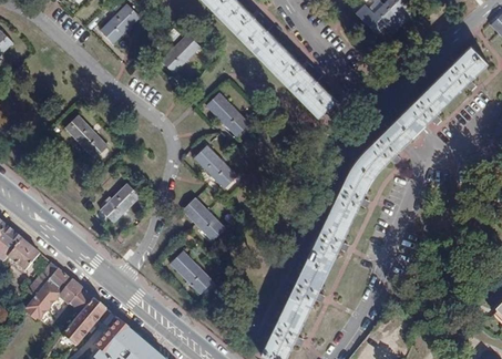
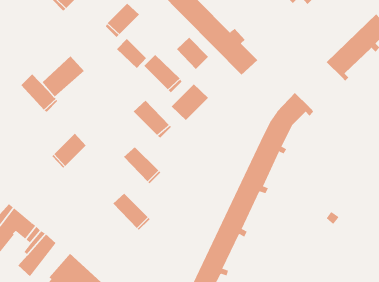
building: none -> [176,37,209,70]
building: none -> [116,38,147,69]
building: none -> [42,56,85,97]
building: [378,101,431,153] -> none
building: none -> [171,84,209,121]

